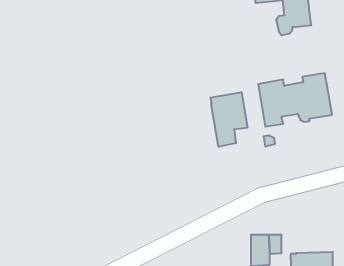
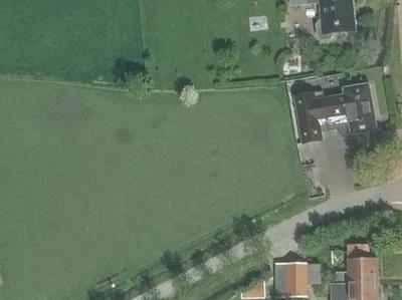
building: [211,92,248,147] -> none
building: none -> [336,242,377,281]

